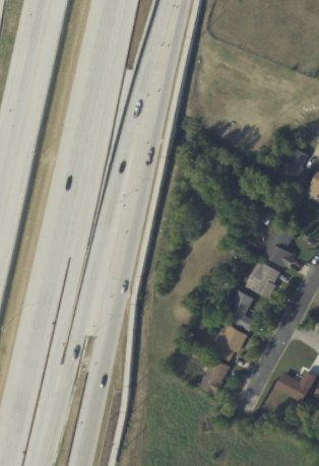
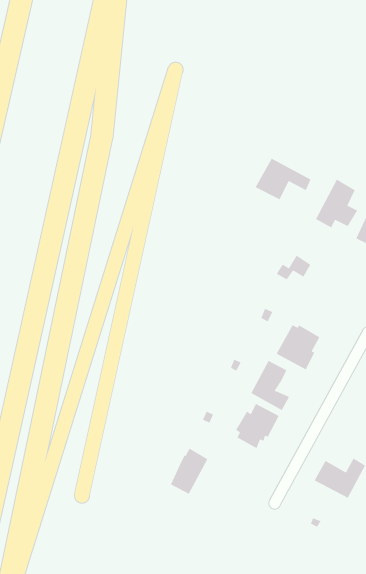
building: none -> [255,158,311,200]
building: [260,218,298,267] -> none
building: [200,357,231,395] -> [170,448,208,495]

